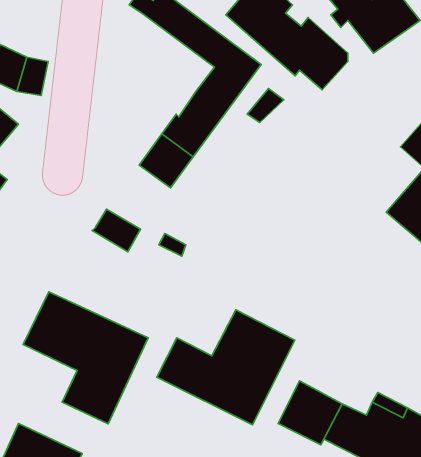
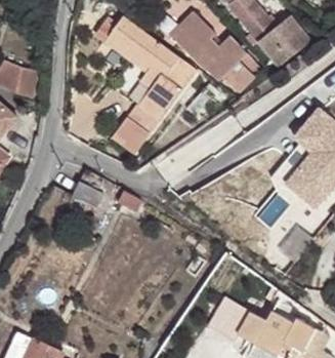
building: none -> [101,35,161,91]
building: [23,292,148,424] -> none
building: [157,310,295,425] -> none

